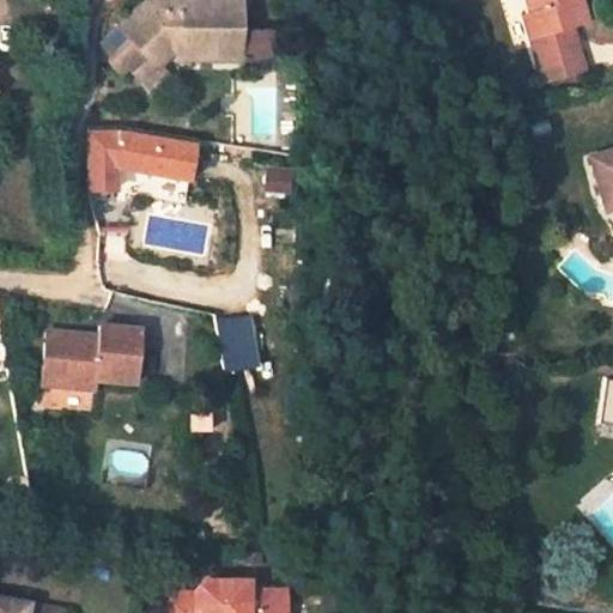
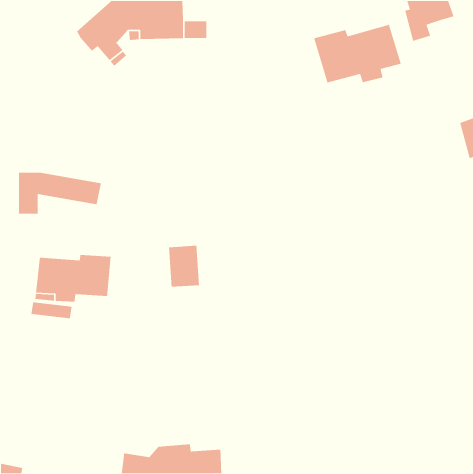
building: [534,26,582,80] -> none
building: none -> [313,24,402,83]
building: [90,133,198,188] -> [18,172,102,214]

